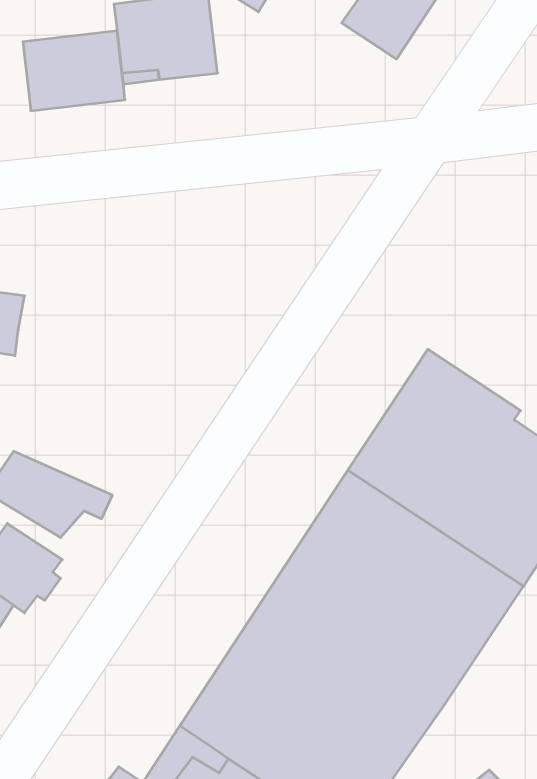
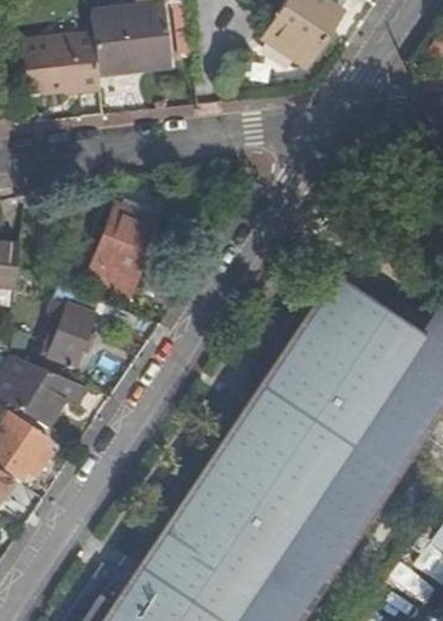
building: none -> [84,194,159,292]
building: none -> [42,284,101,365]

